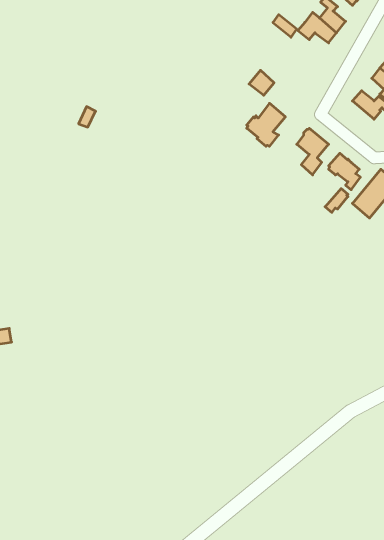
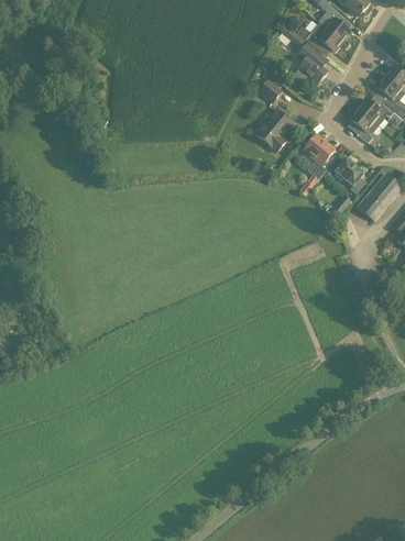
building: none -> [293,42,327,82]
building: none -> [349,107,379,142]

